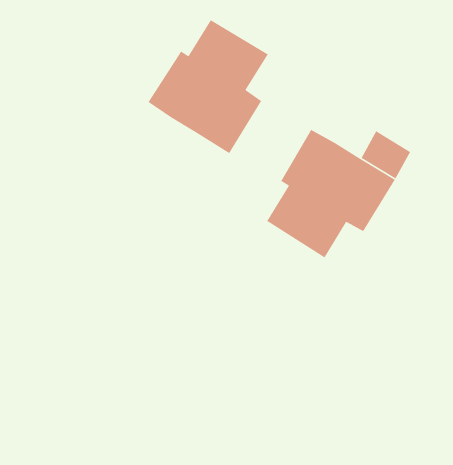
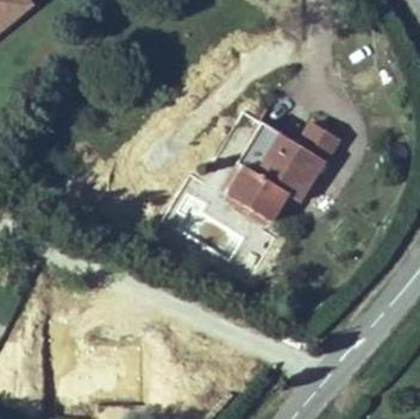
building: [147,19,269,154] -> none

